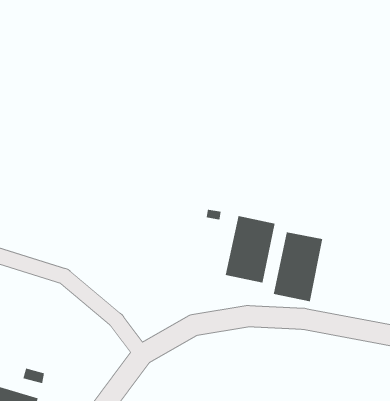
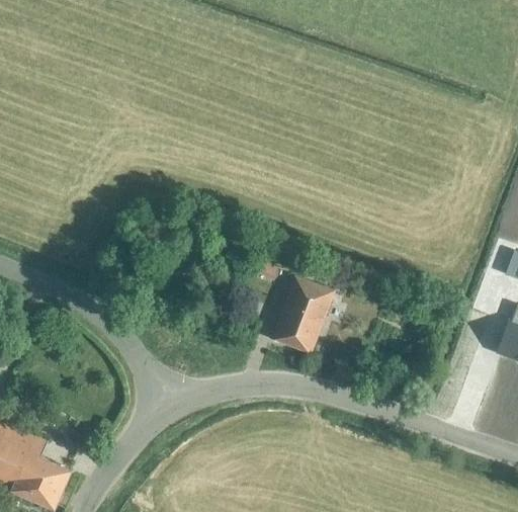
building: [273,231,323,302] -> none

